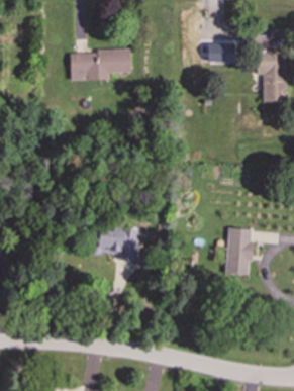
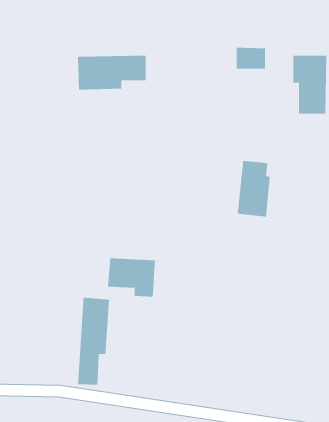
building: [224,227,254,277] -> [237,160,270,217]
building: none -> [78,297,110,385]

